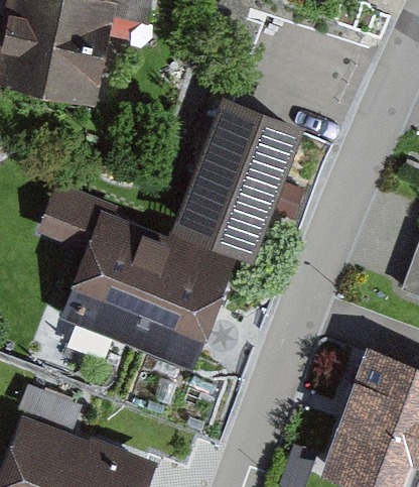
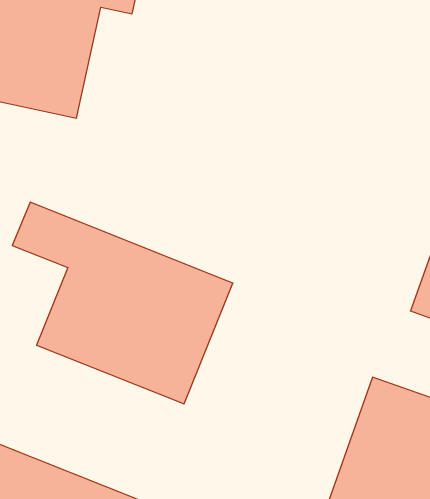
building: [170,103,306,266] -> none

